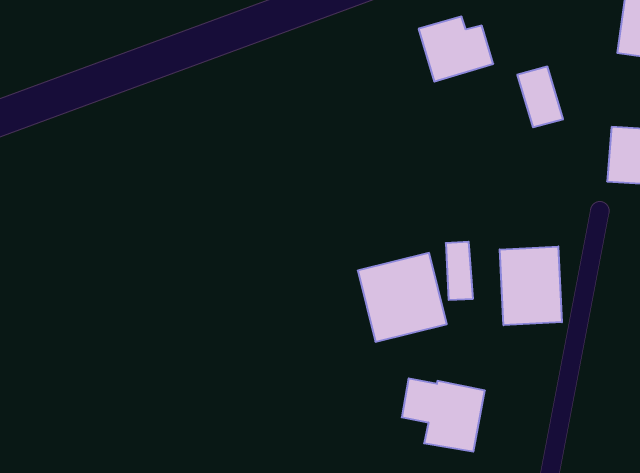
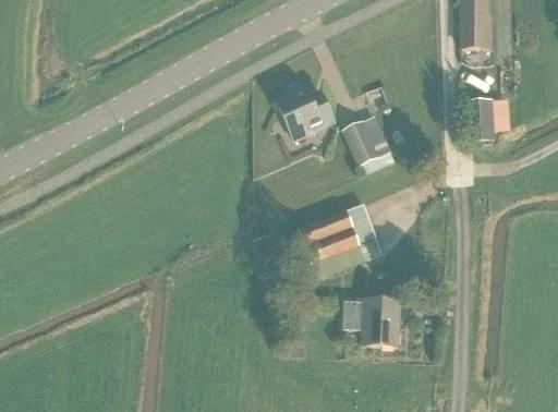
building: [419,17,493,82] -> [278,88,335,137]
building: [517,67,563,127] -> [343,120,380,165]
building: [500,246,562,325] -> none

